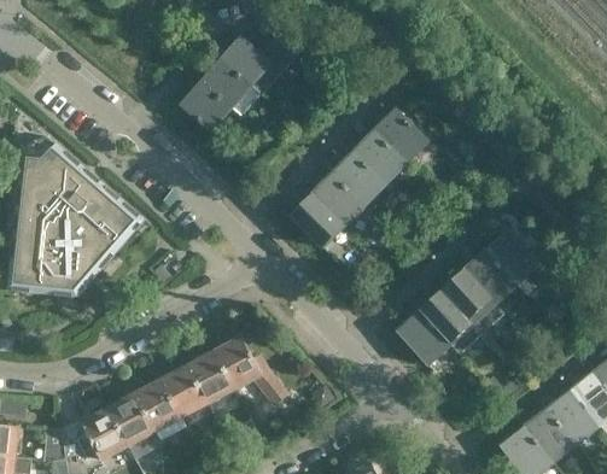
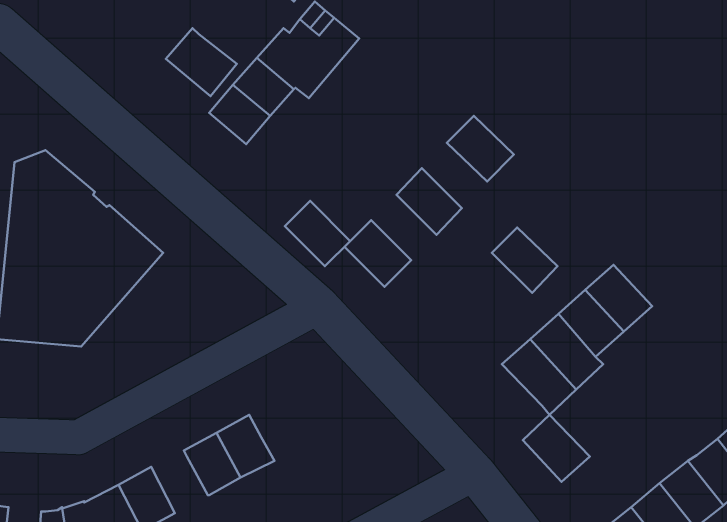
building: none -> [166,28,237,96]
building: [354,130,407,183] -> [492,227,557,293]
building: [313,172,366,226] -> [285,201,350,266]
building: [397,310,451,364] -> [523,415,590,482]
building: [214,337,286,404] -> none
building: [134,380,180,431] -> none

